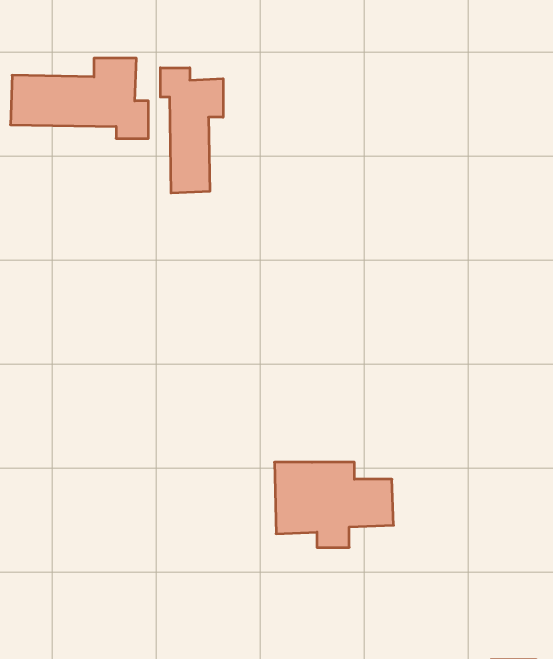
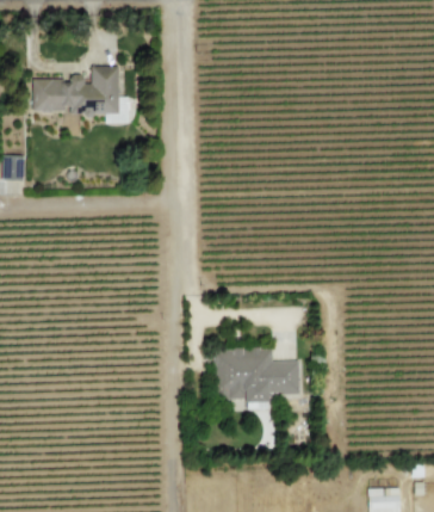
building: [160,68,223,193] -> none

